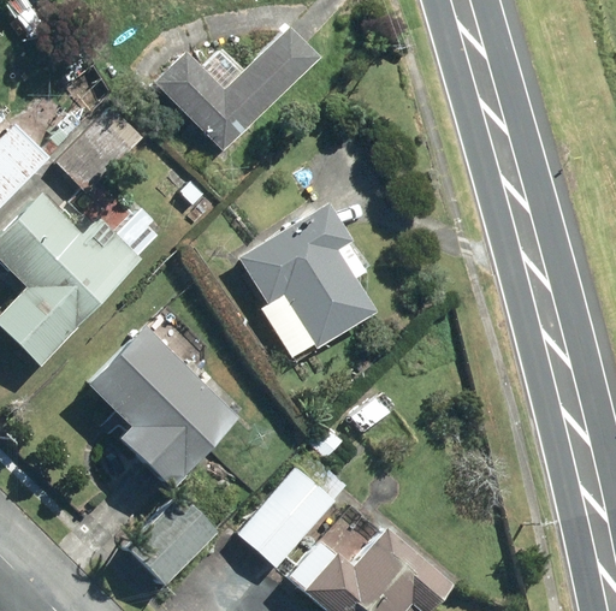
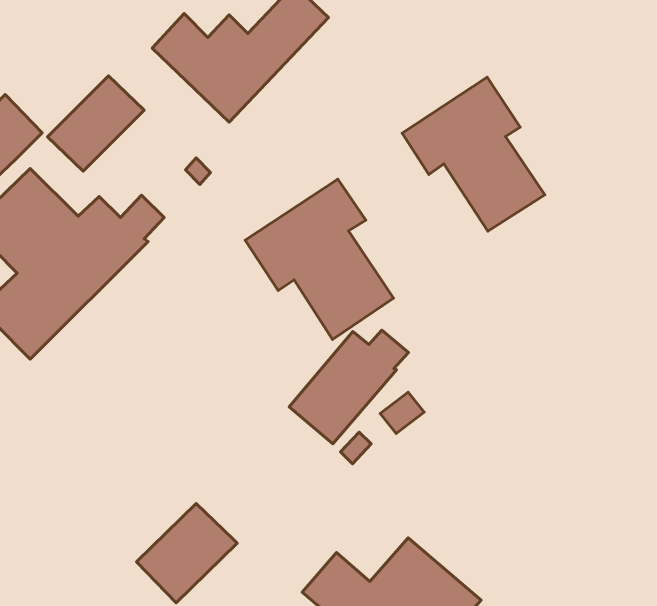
building: none -> [402,77,545,231]
building: [83,325,235,488] -> none
building: [248,467,356,570] -> [289,330,408,444]

